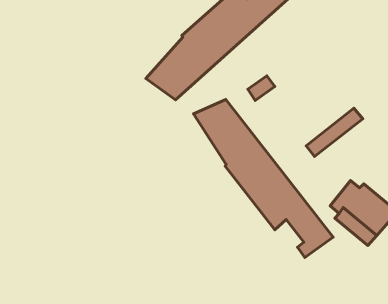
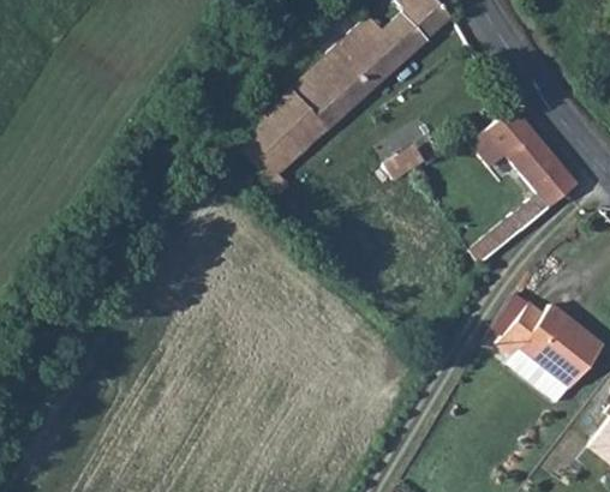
building: none -> [468,109,578,206]
building: [194,99,333,258] -> none

